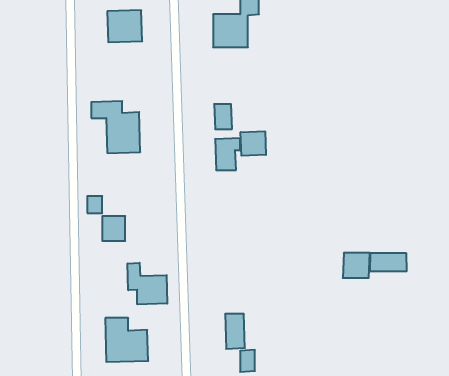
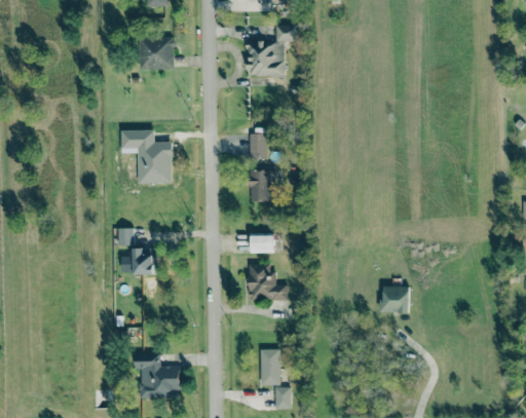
building: [241,131,266,156] -> none
building: none -> [251,235,274,253]
building: none -> [249,266,287,300]
building: [370,253,407,271] -> none
building: [128,263,167,304] -> none

